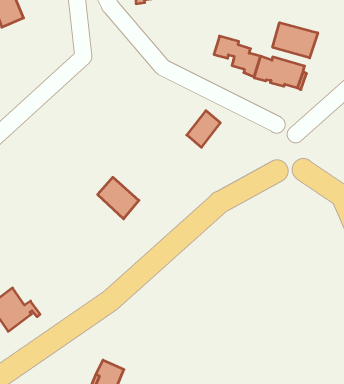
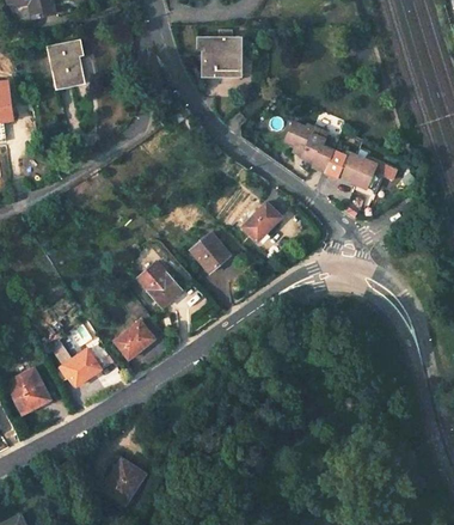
building: [273,23,318,58] -> none
building: none -> [191,232,231,271]
building: none -> [115,319,154,358]
building: none -> [65,348,102,384]

